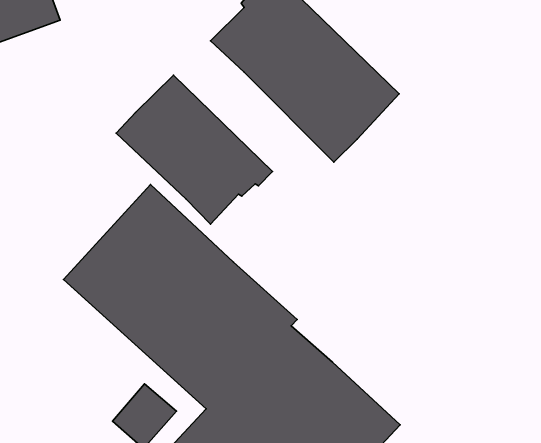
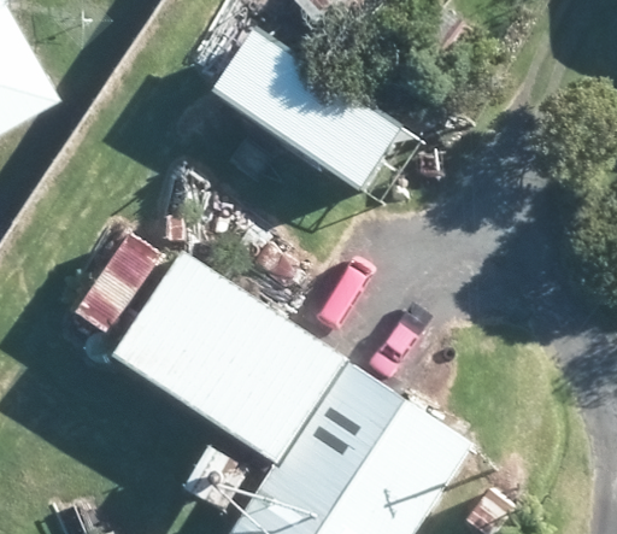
building: [116,75,273,224] -> none

